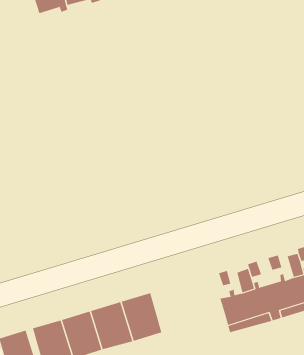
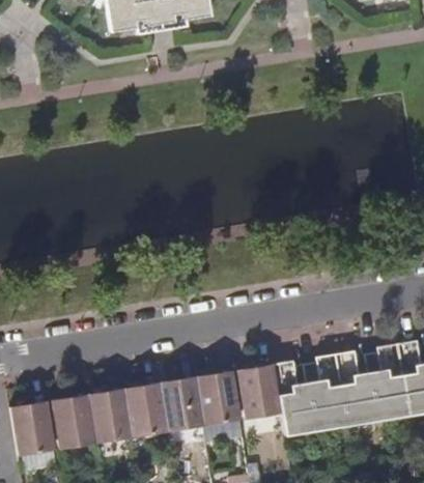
building: none -> [241,364,282,418]
building: none -> [199,370,242,424]

